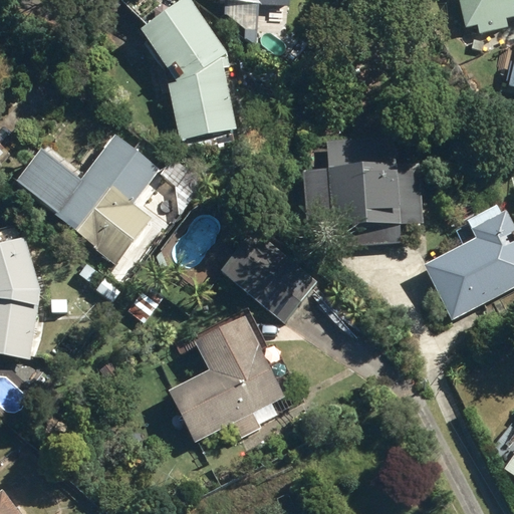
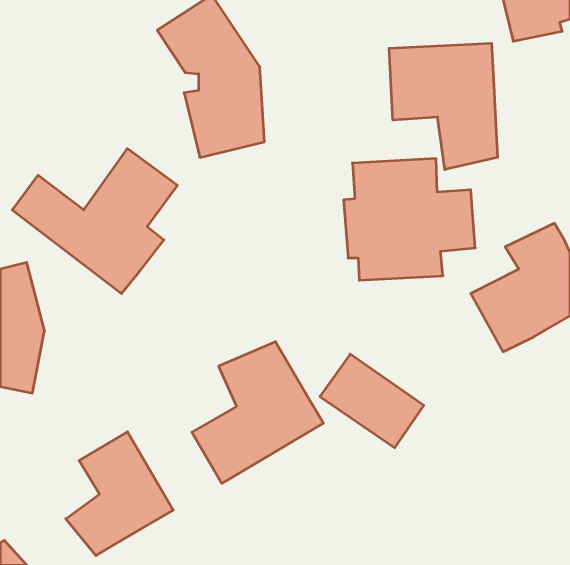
building: none -> [389,43,498,170]
building: [221,241,314,325] -> [320,354,424,448]
building: none -> [66,432,173,556]

